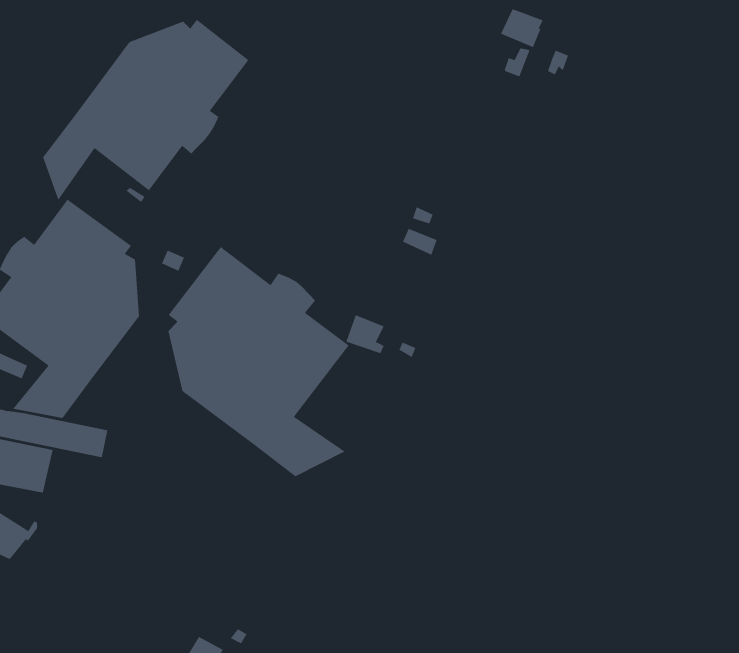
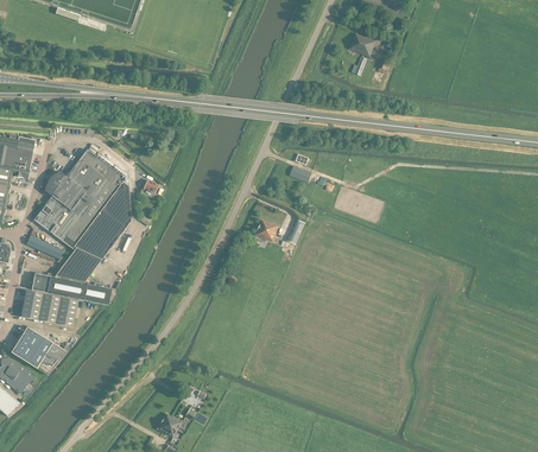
building: [43,19,249,201] -> none
building: [168,246,350,477] -> none

